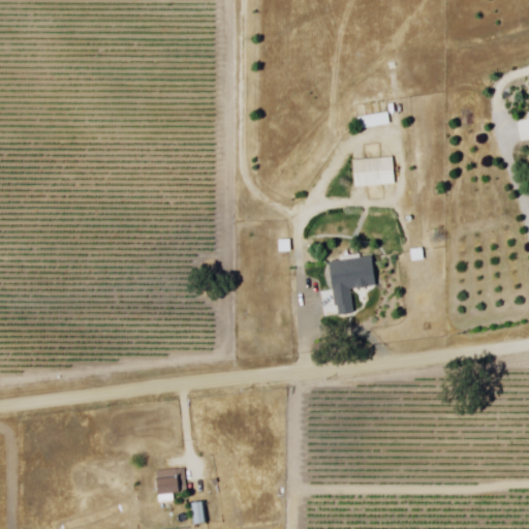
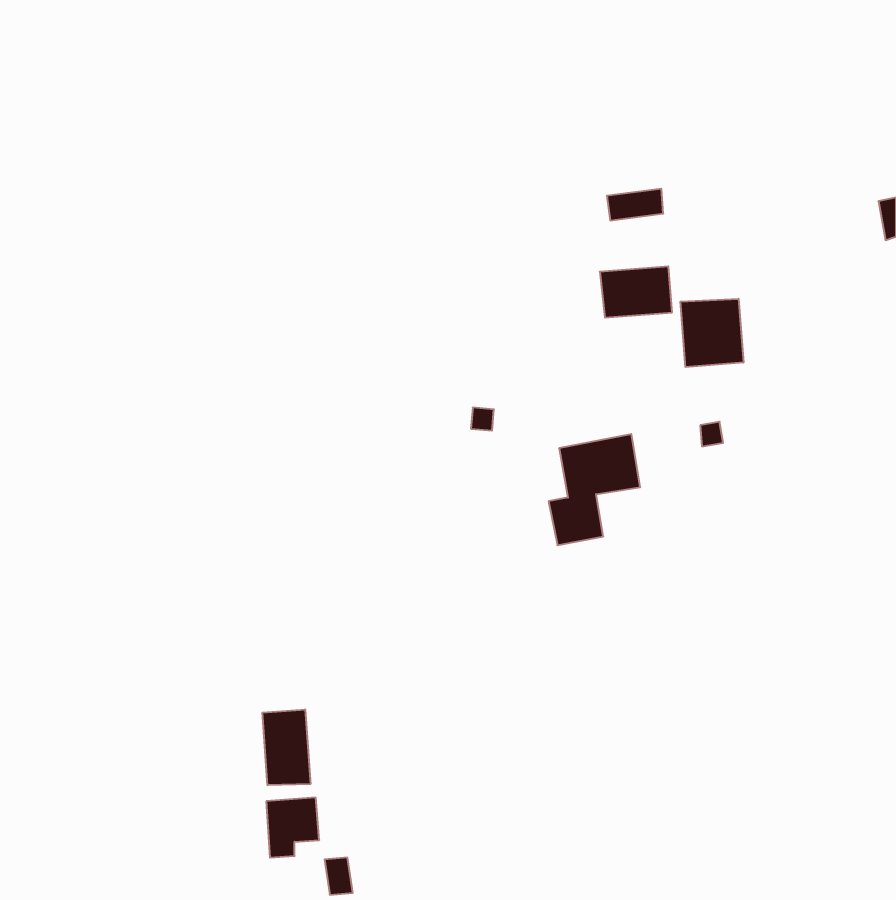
building: none -> [680,299,743,367]
building: none -> [262,709,310,785]

